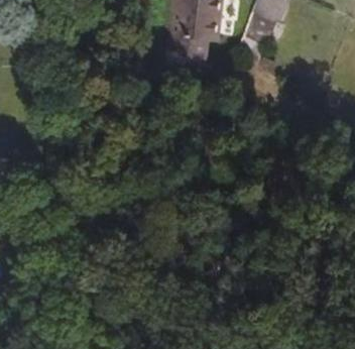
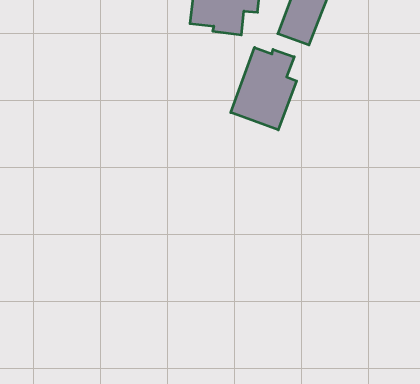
building: none -> [231,47,297,130]

